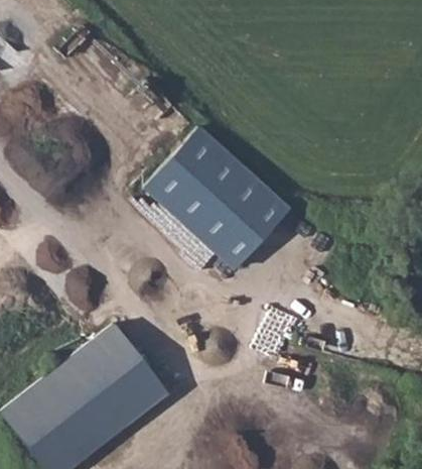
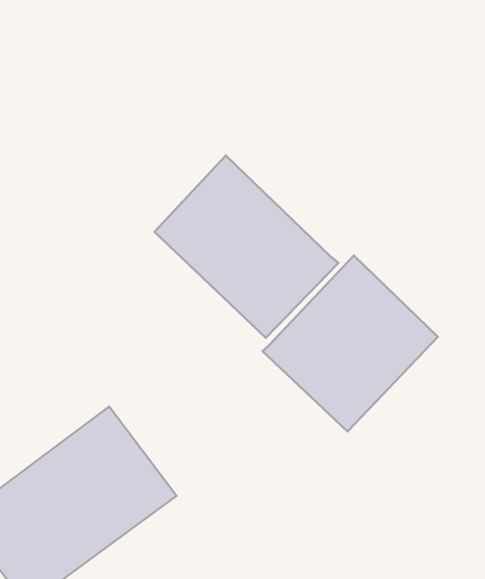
building: none -> [262,255,438,431]

